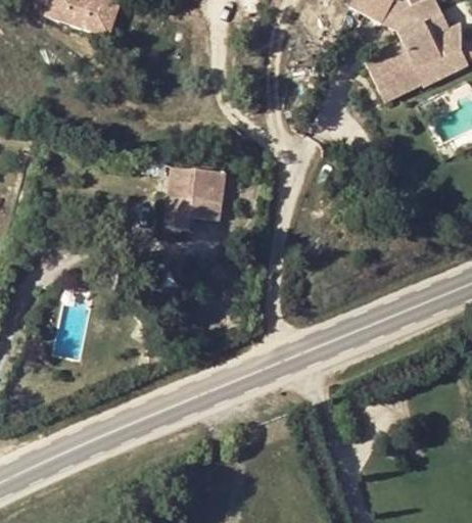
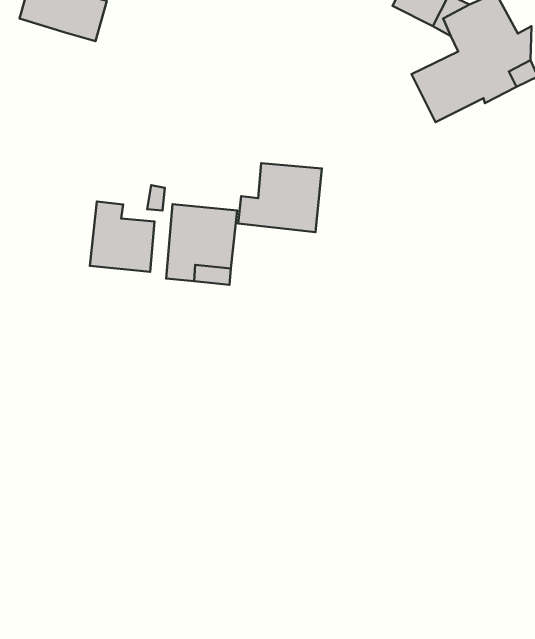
building: none -> [238,163,322,232]
building: none -> [90,202,155,272]

